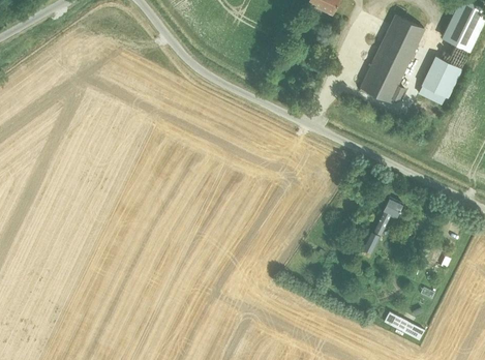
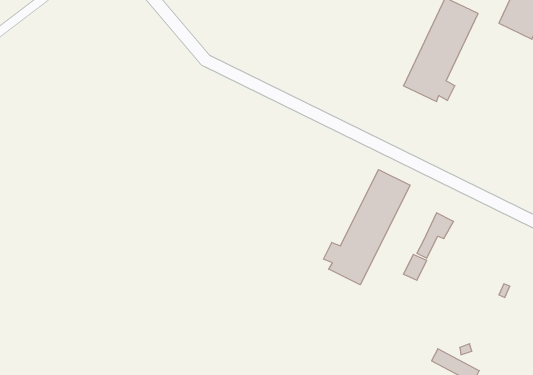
building: [418,56,459,104] -> none
building: none -> [324,170,410,285]

